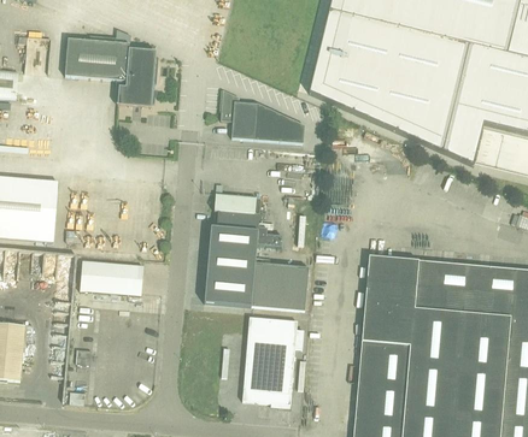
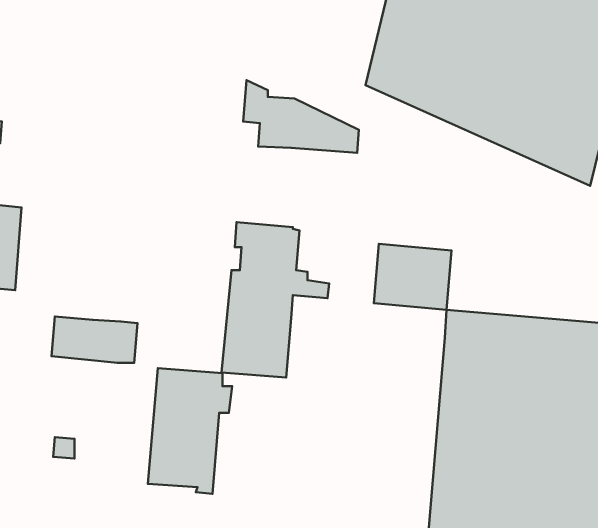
building: [65,39,158,108] -> none
building: [251,262,307,311] -> [374,244,451,310]
building: [242,317,304,408] -> [148,368,232,494]

